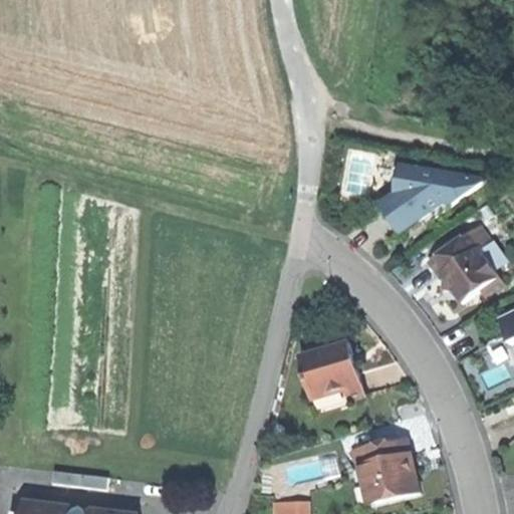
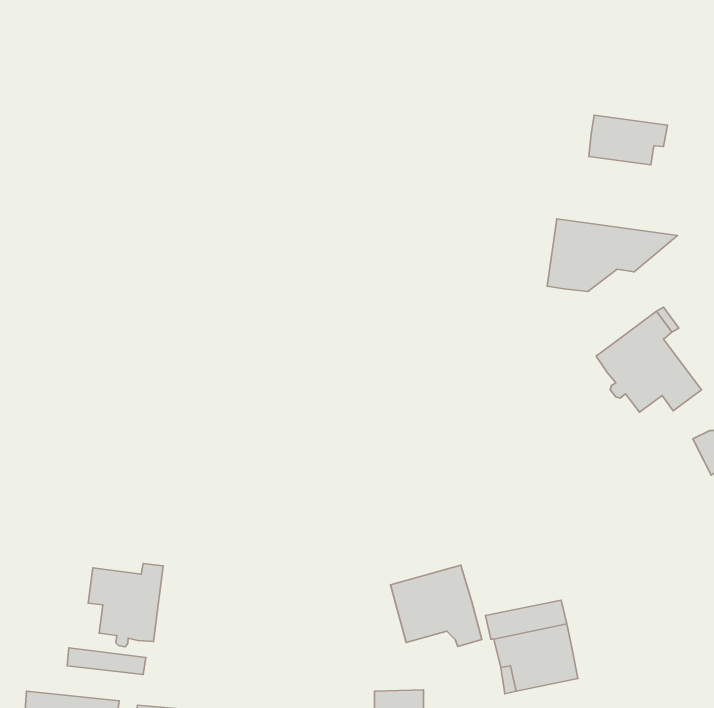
building: none -> [589,115,668,165]
building: [297,340,362,399] -> [391,565,482,647]
building: none -> [88,563,163,647]

